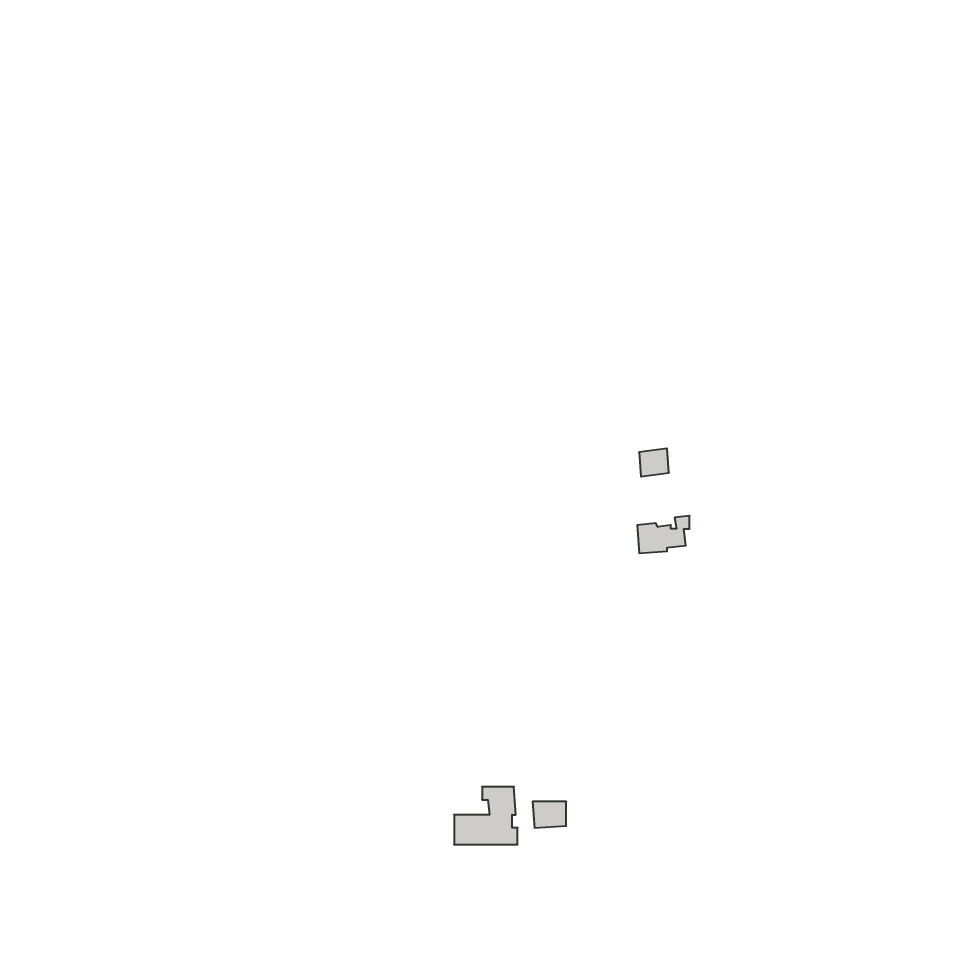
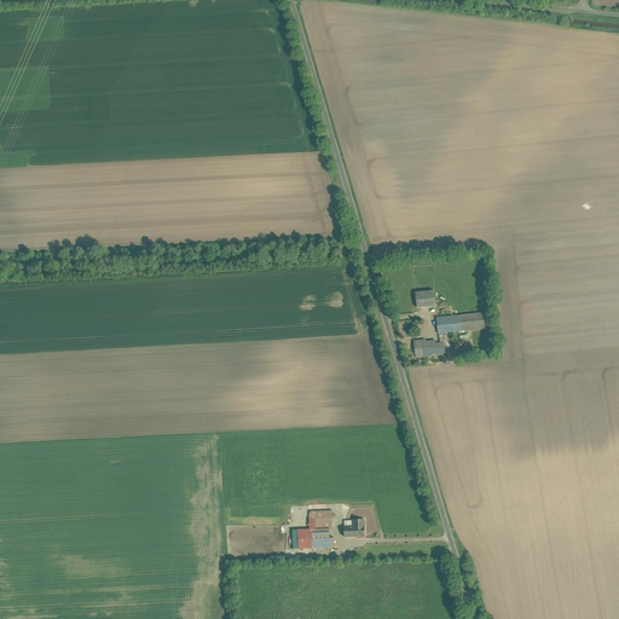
building: none -> [434,311,485,335]

